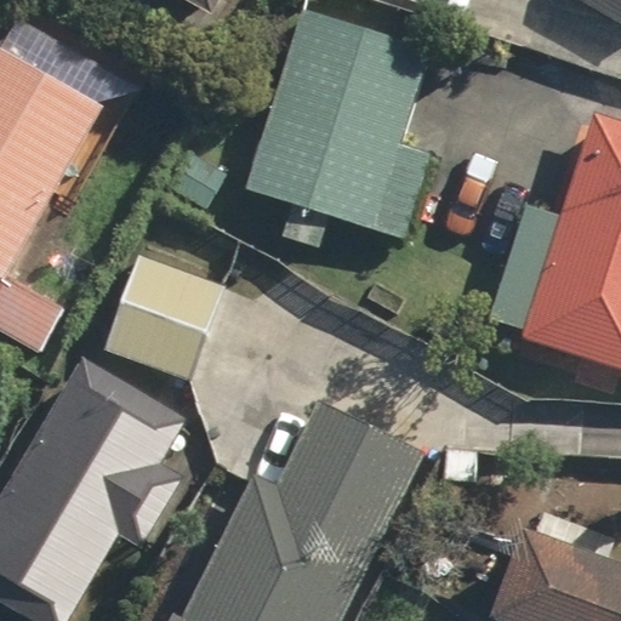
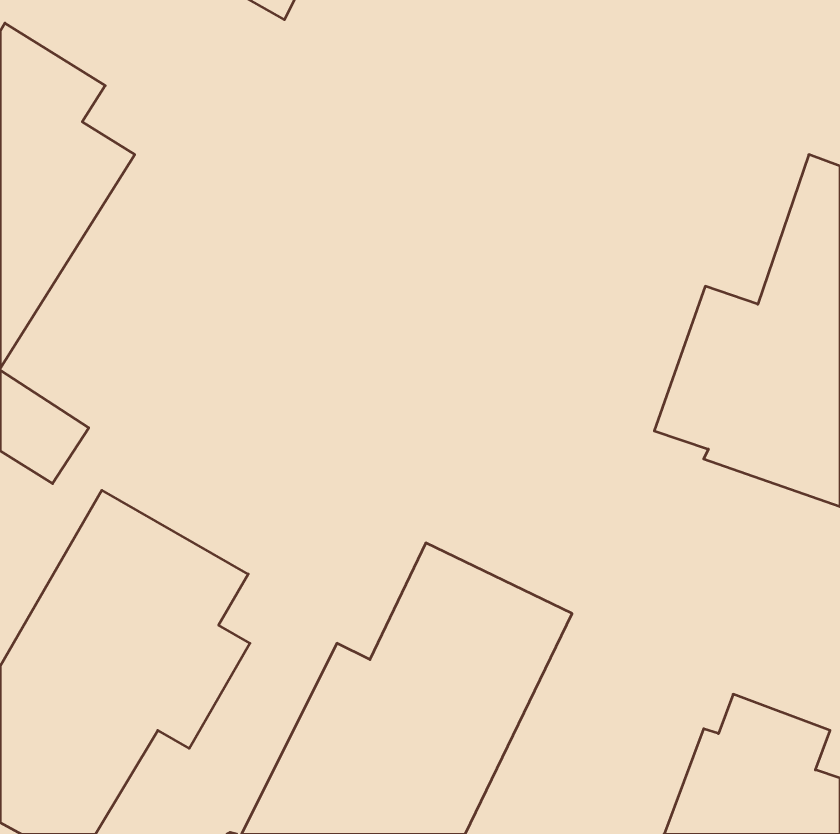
building: [243,10,432,250] -> none
building: [98,249,226,384] -> none

